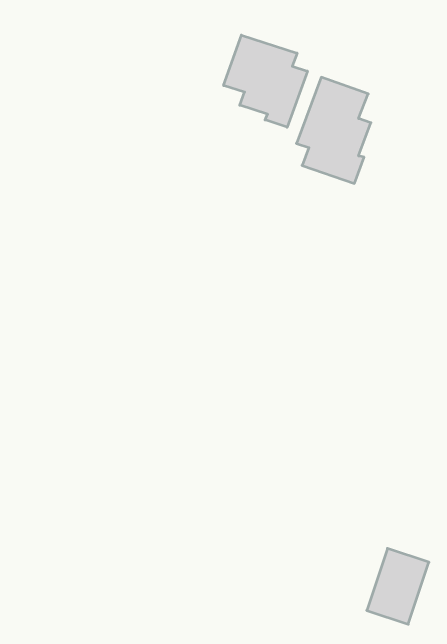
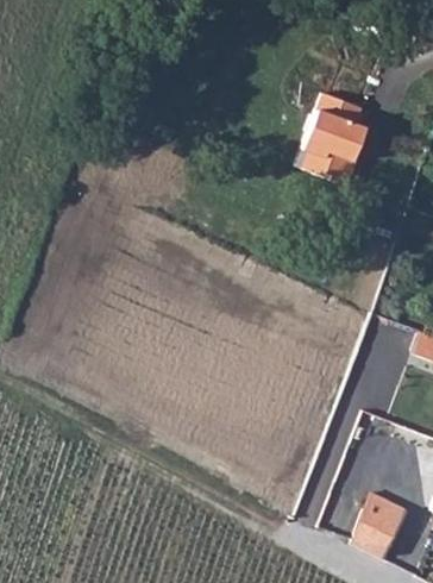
building: [224,35,307,127] -> none

